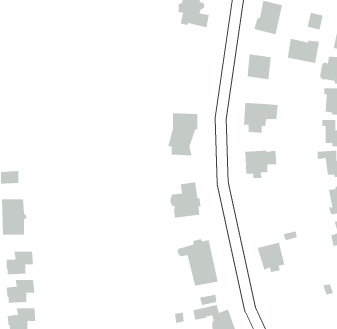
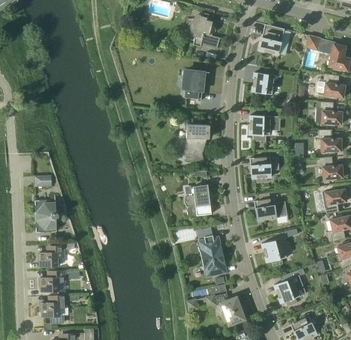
building: [287,37,319,64] -> none
building: none -> [179,66,204,98]
building: none -> [254,191,288,220]
building: none -> [275,275,306,304]

